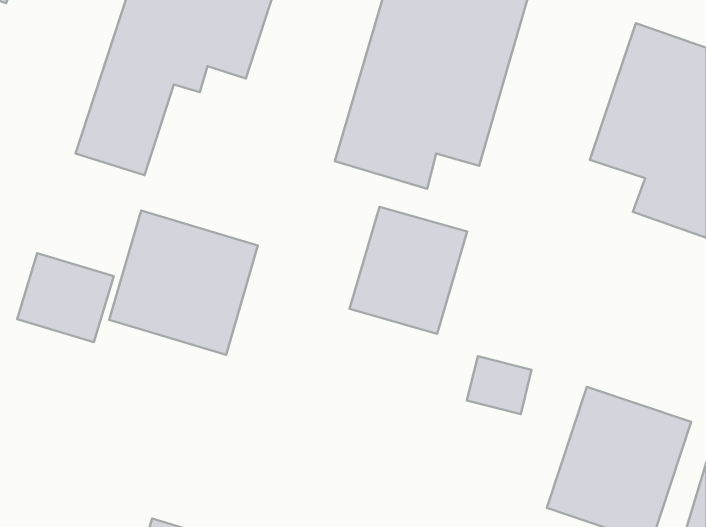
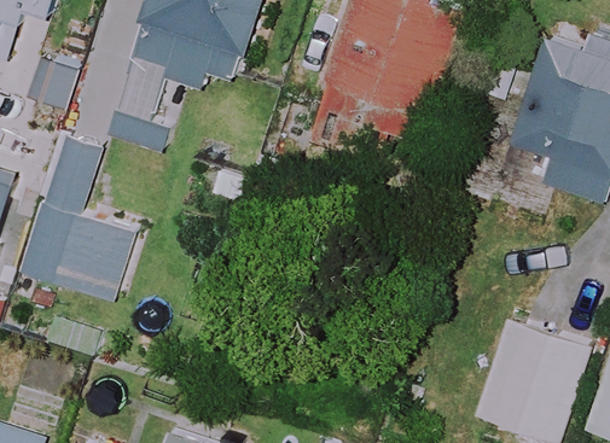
building: [349,207,467,334] -> none
building: [109,211,258,355] -> none

